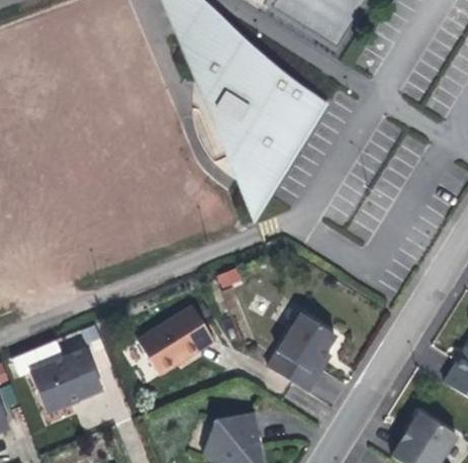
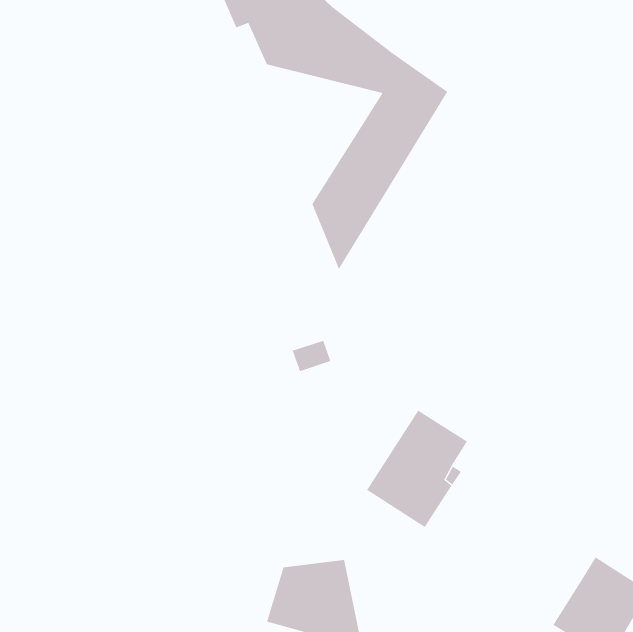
building: [182,55,279,175] -> none
building: [138,304,214,374] -> none
building: [31,348,104,411] -> none

